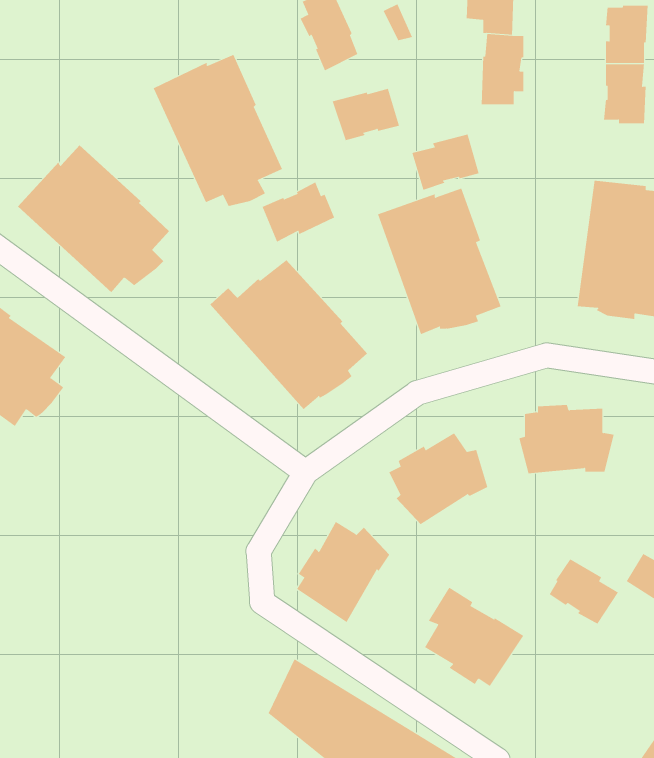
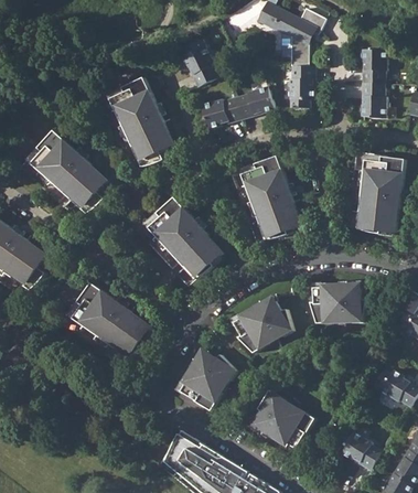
building: [412,134,479,190] -> [235,86,275,119]
building: [262,182,335,242] -> none
building: none -> [61,282,150,366]
building: [549,558,619,624] -> [342,431,383,470]

